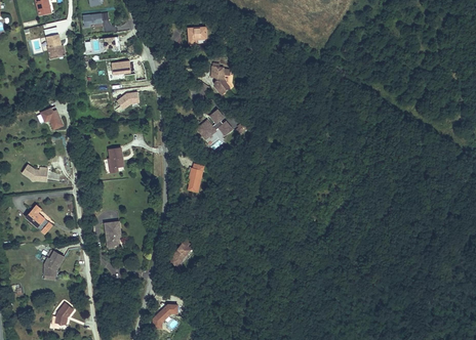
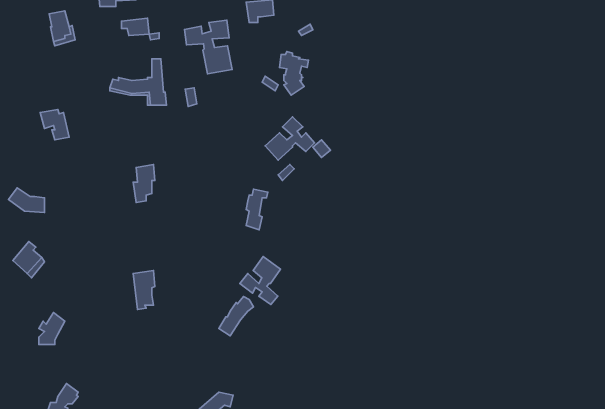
building: none -> [184,20,232,74]
building: none -> [240,256,280,305]

